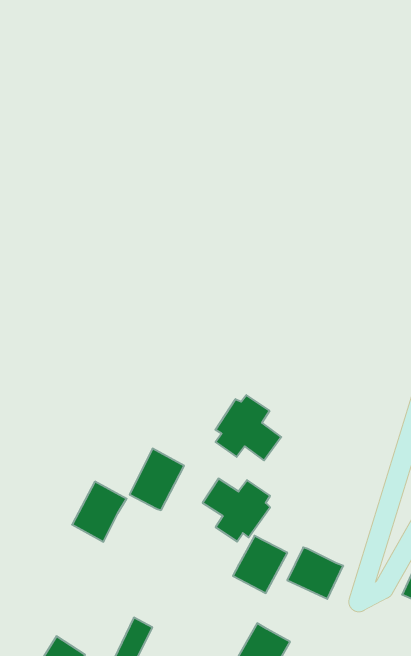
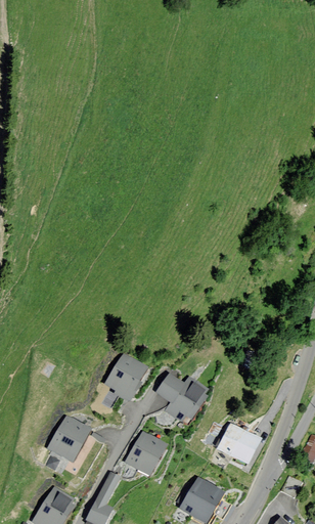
building: [215,395,281,460] -> none
building: [72,482,127,542] -> [49,417,88,460]
building: [233,536,287,593] -> [127,431,166,472]

